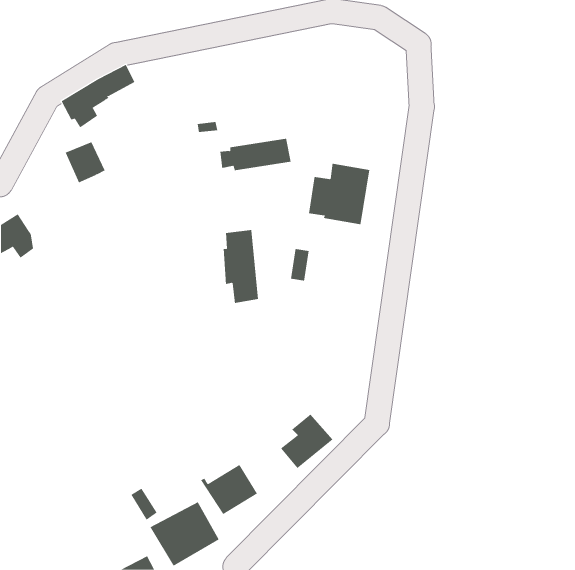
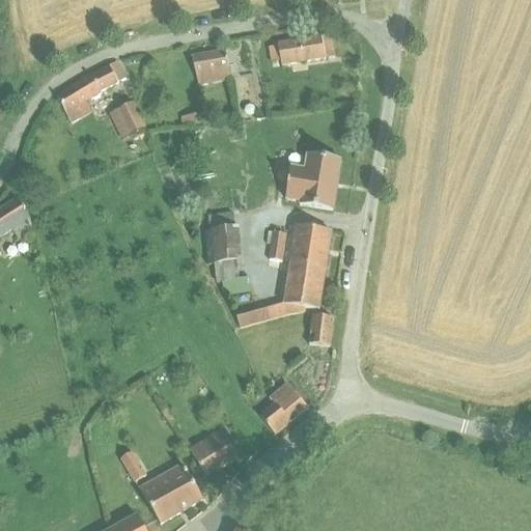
building: none -> [191,48,230,83]
building: [219,138,291,171] -> [268,32,334,62]
building: [65,141,105,183] -> [108,100,145,138]
building: none -> [235,224,330,326]
building: none -> [308,313,332,344]

